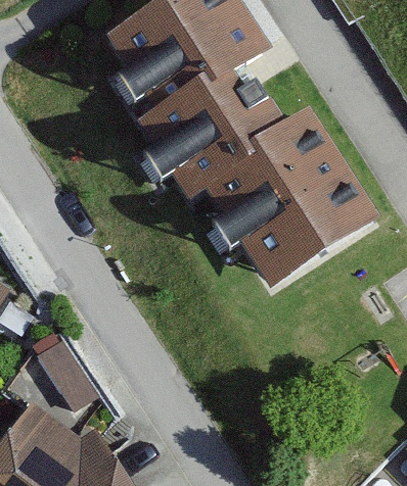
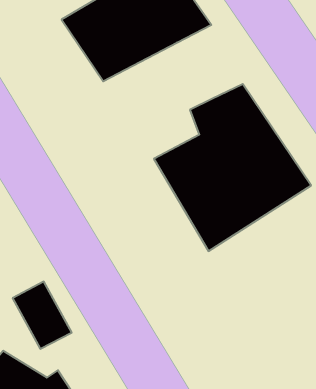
building: [127,62,263,201] -> none

